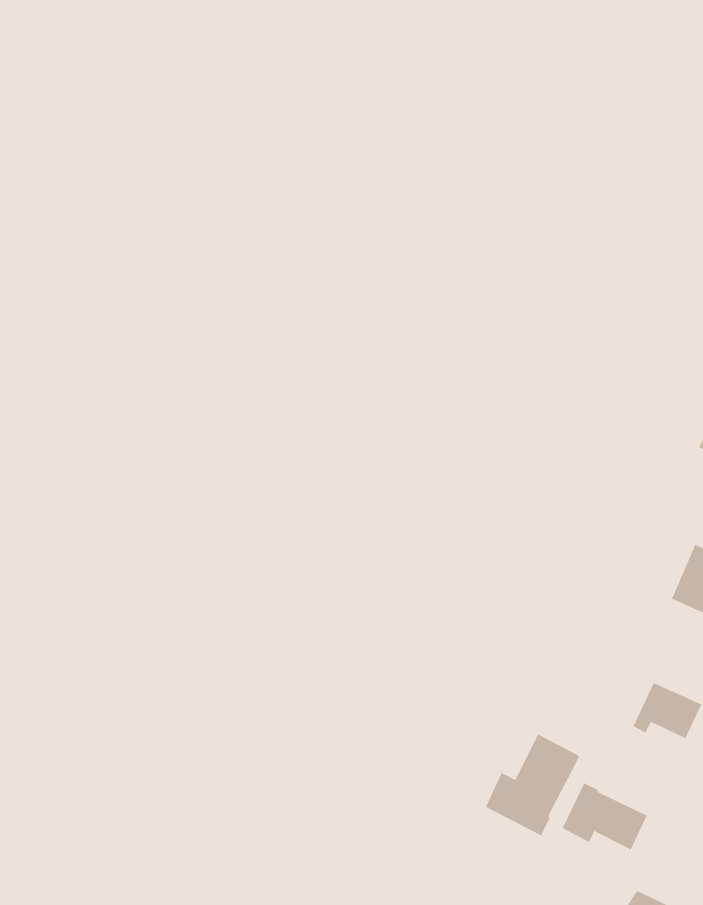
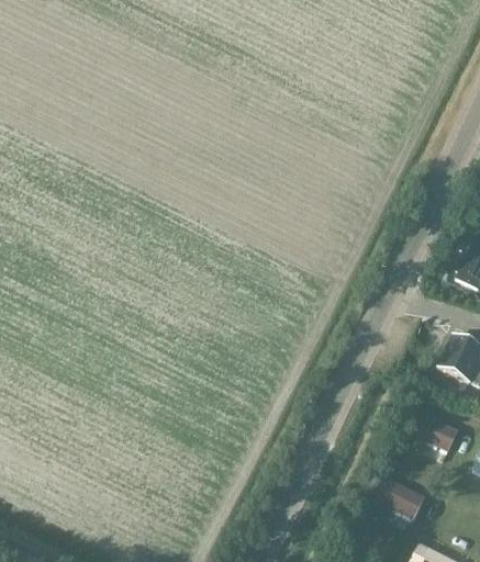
building: [485,734,580,836] -> none

